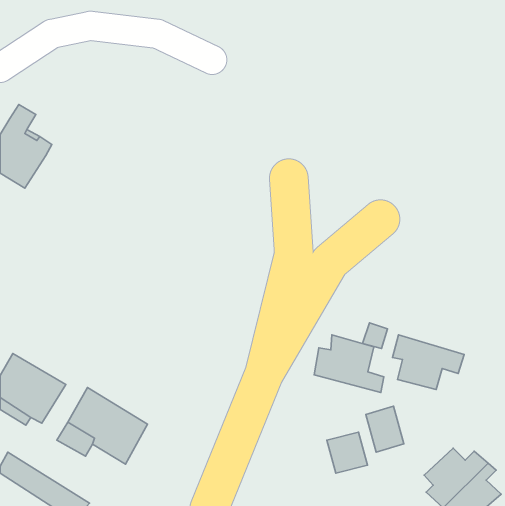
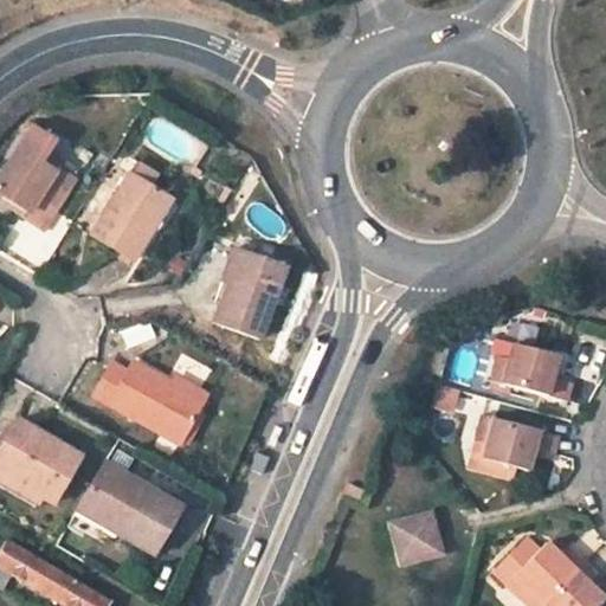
building: none -> [84,173,160,254]
building: none -> [223,252,286,335]
building: none -> [96,361,209,446]
building: [314,335,384,393] -> [489,325,572,394]
building: [366,406,404,452] -> none

